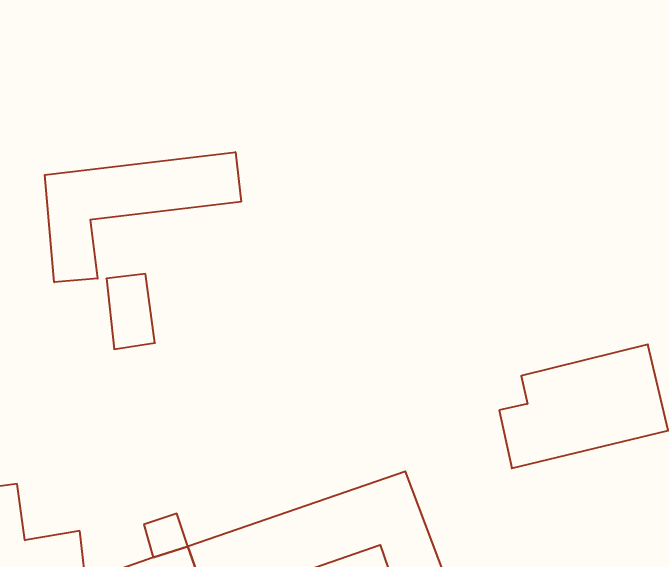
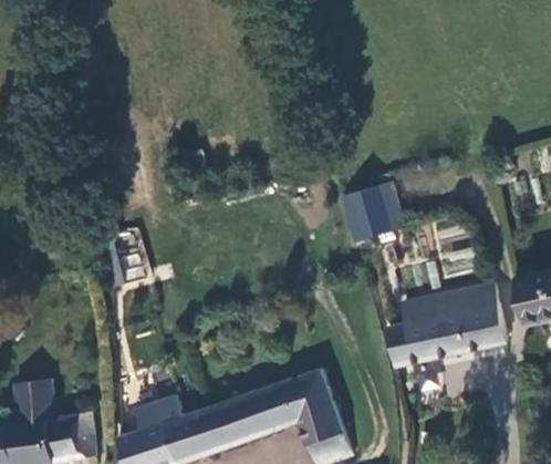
building: [45,152,241,282] -> none
building: none -> [341,184,393,239]

